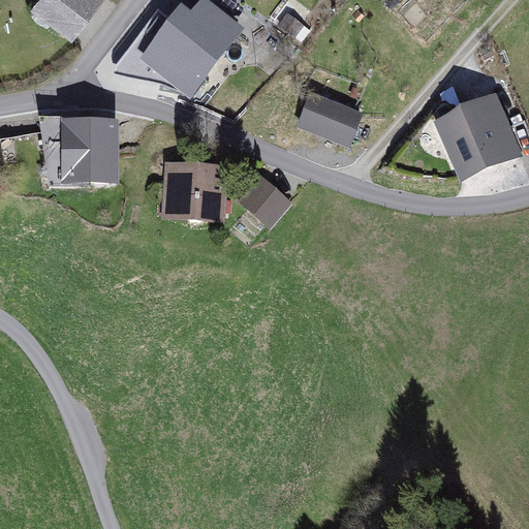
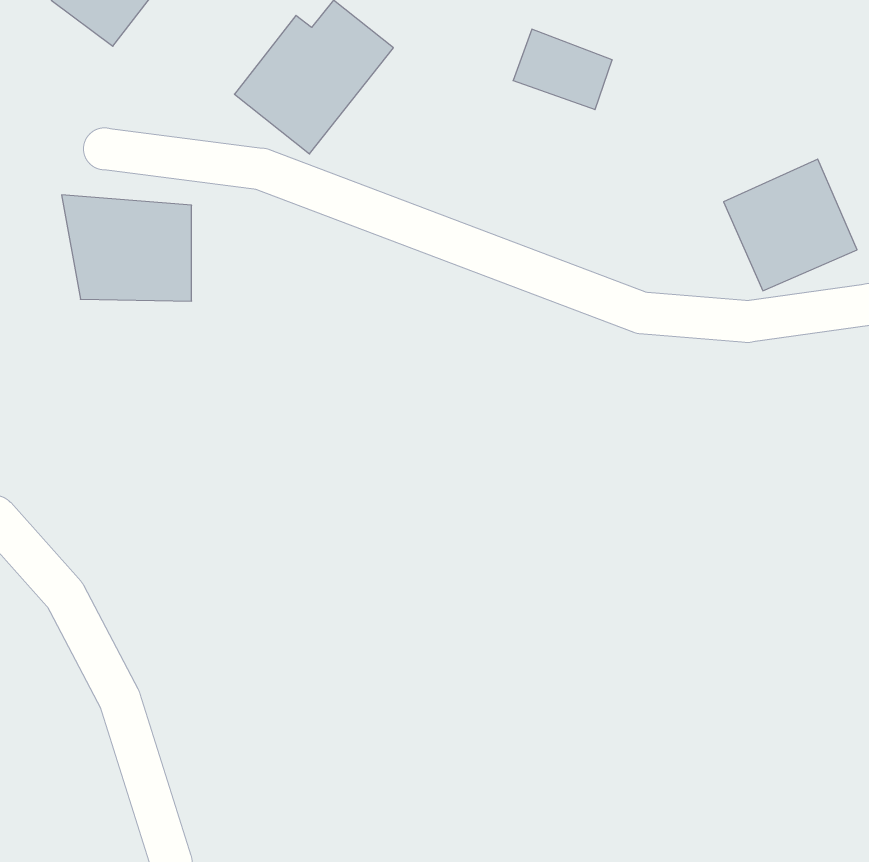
building: [302,94,362,143] -> [513,29,612,110]
building: [166,166,229,220] -> none
building: [238,174,288,222] -> none

